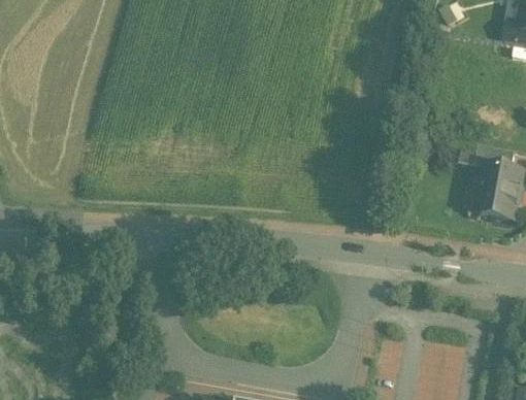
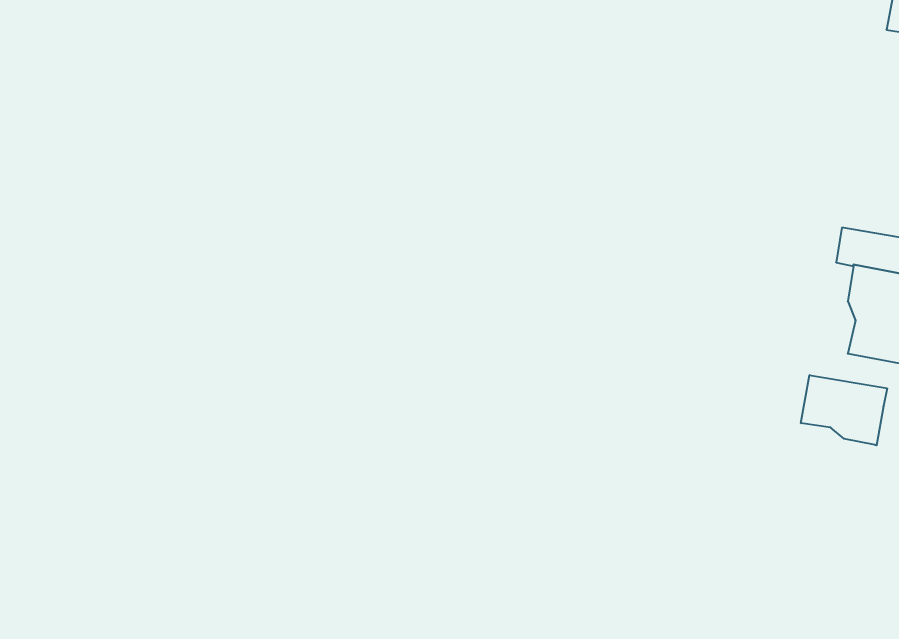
building: none -> [801,375,887,445]

